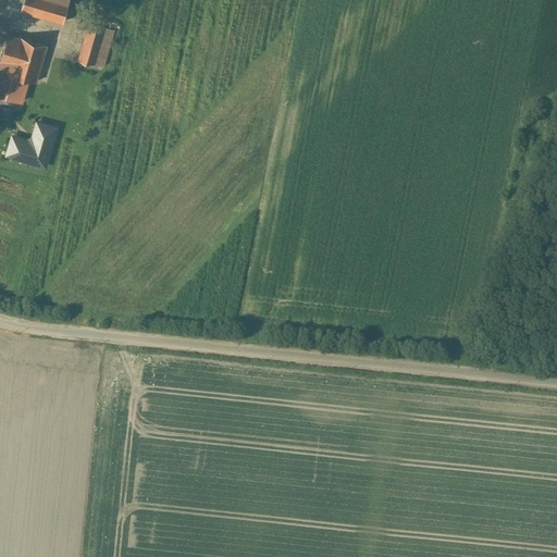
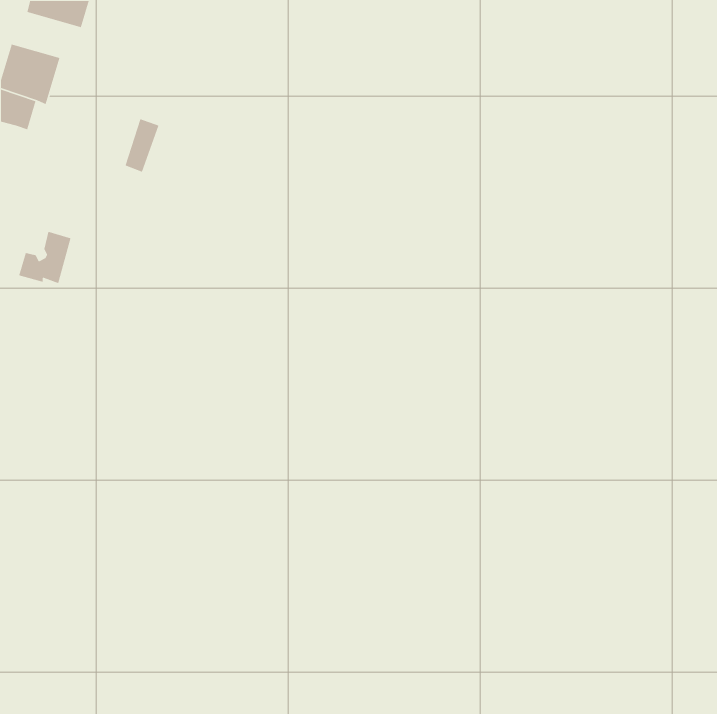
building: [78,24,106,66] -> [124,118,159,173]
building: [14,124,55,165] -> [18,231,72,284]

